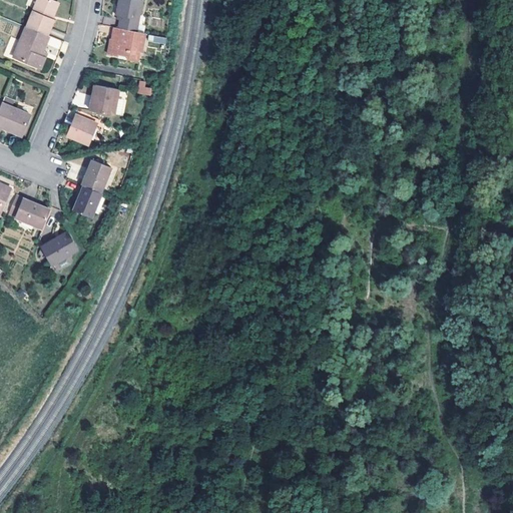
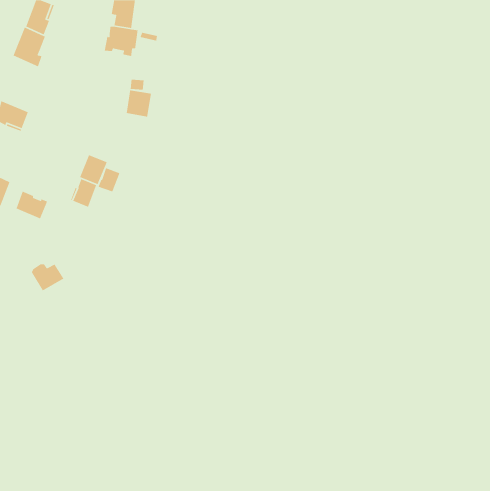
building: [90,85,117,114] -> [126,89,152,117]
building: [63,115,97,144] -> none
building: none -> [98,167,121,193]
building: [41,233,76,263] -> [31,264,65,292]

